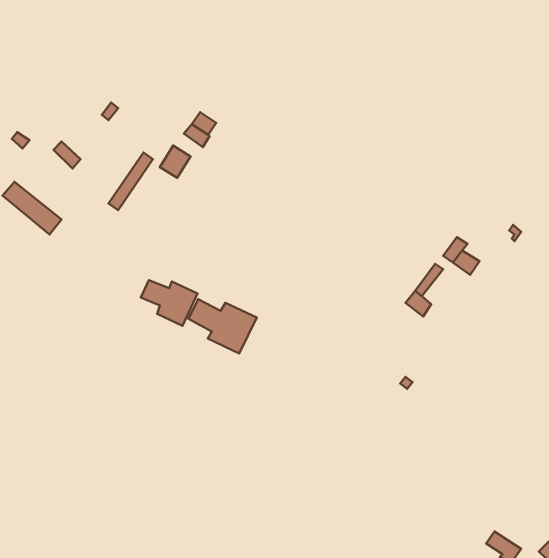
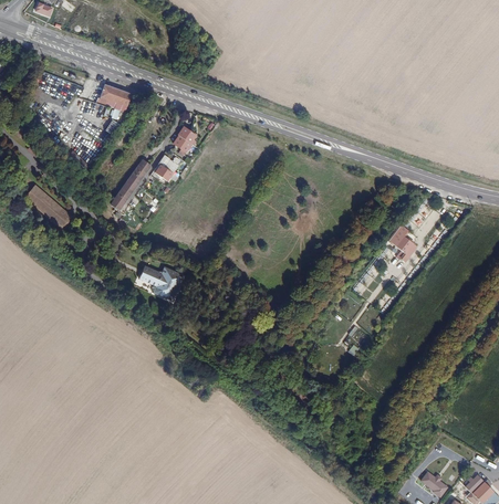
building: none -> [95,85,132,119]
building: [189,299,257,353] -> none

